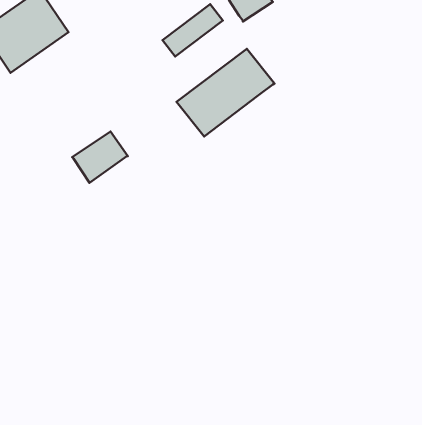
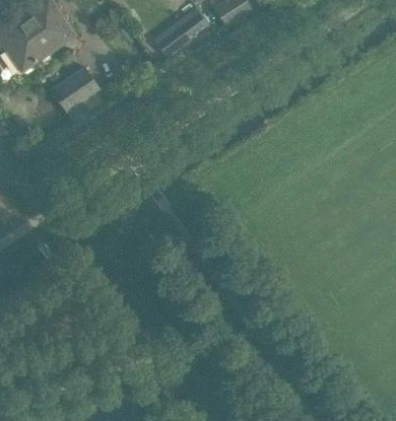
building: [177,49,274,137] -> none
building: [72,132,128,183] -> [52,67,101,112]

